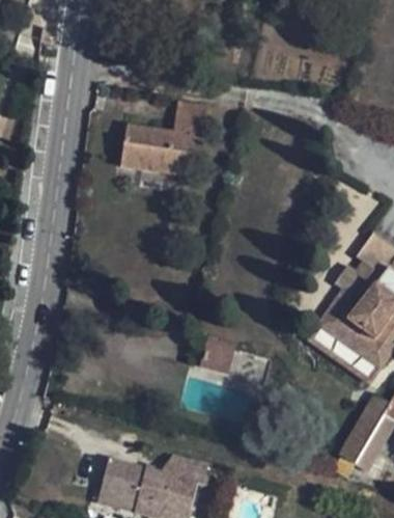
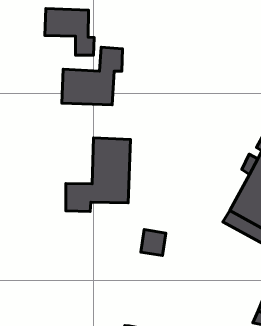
building: none -> [45,9,94,55]
building: none -> [66,138,130,212]

